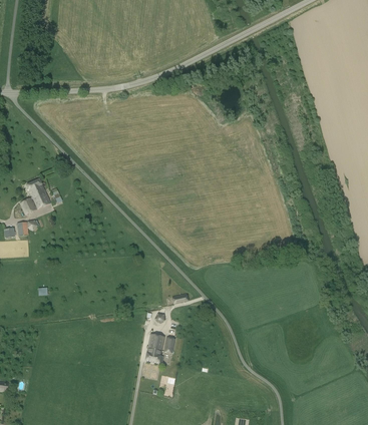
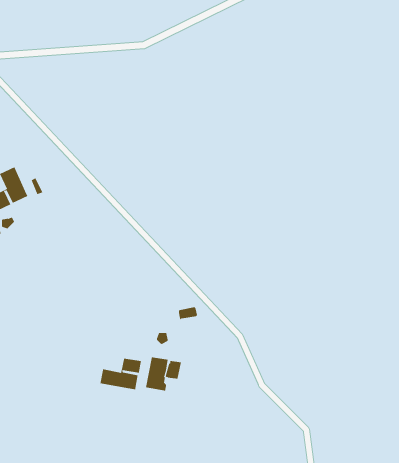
building: none -> [100,358,141,390]

